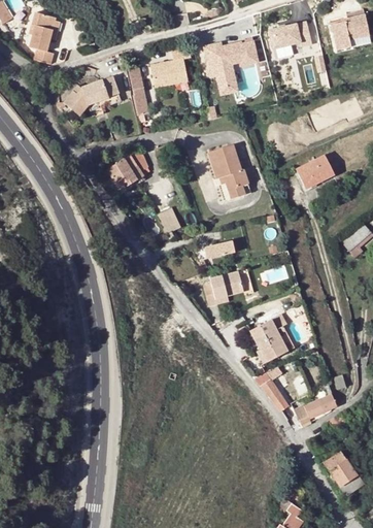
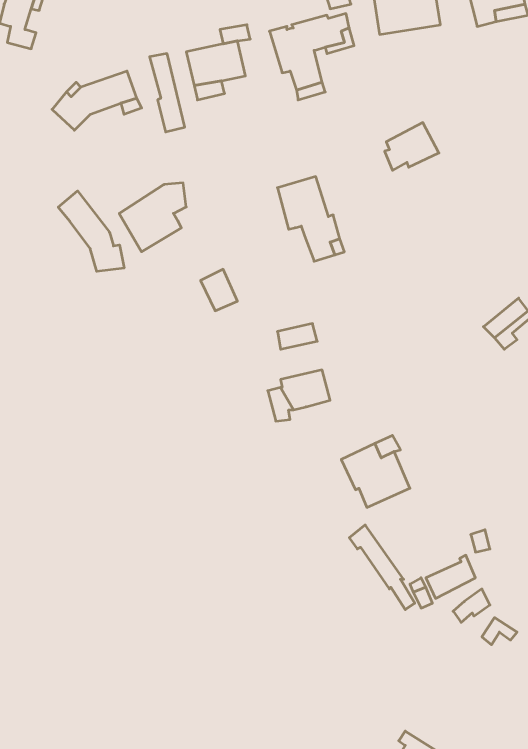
building: none -> [58,191,124,271]
building: [299,155,334,186] -> [385,123,439,170]
building: [324,451,362,495] -> none

